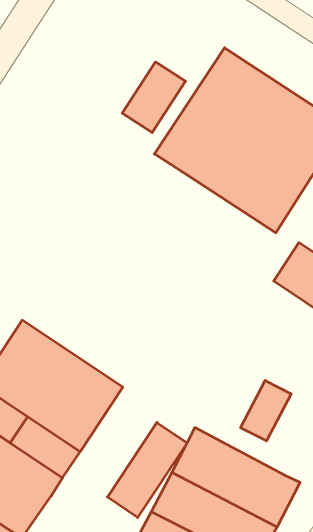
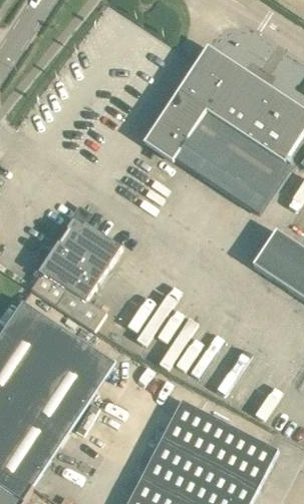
building: [122,62,186,133] -> none
building: none -> [30,222,121,332]
building: [241,380,291,441] -> none
building: [107,422,187,518] -> none

